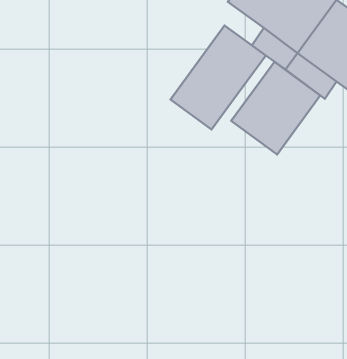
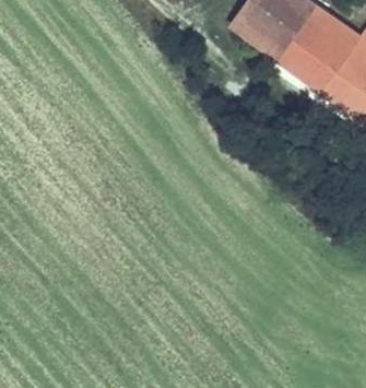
building: [170,25,266,130] -> none
building: [231,62,320,155] -> none

